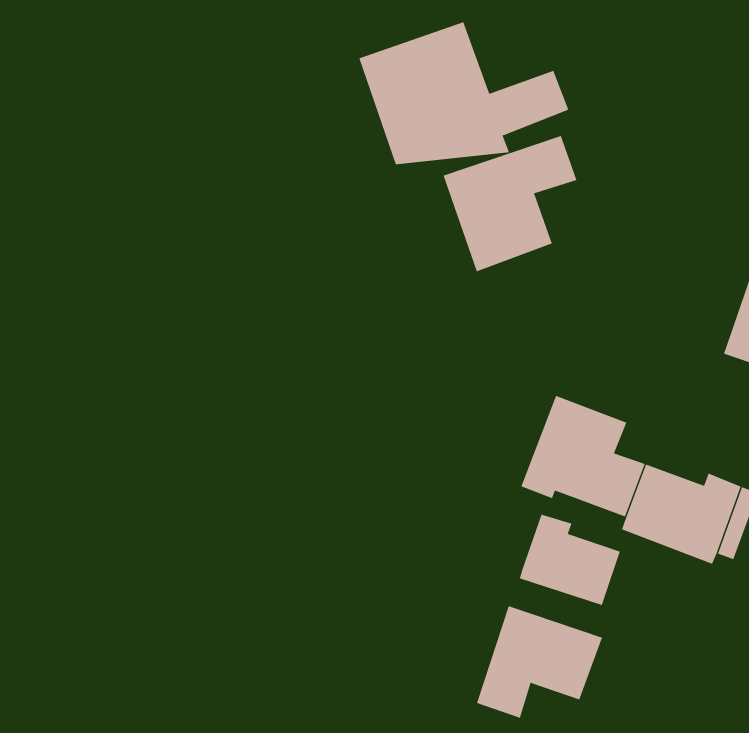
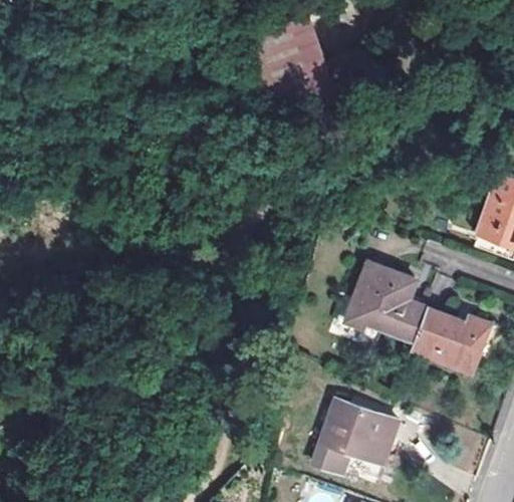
building: [443,135,577,272] -> none
building: [519,514,621,606] -> none

